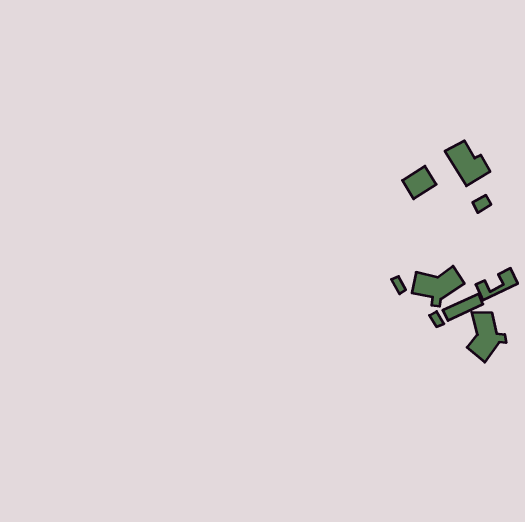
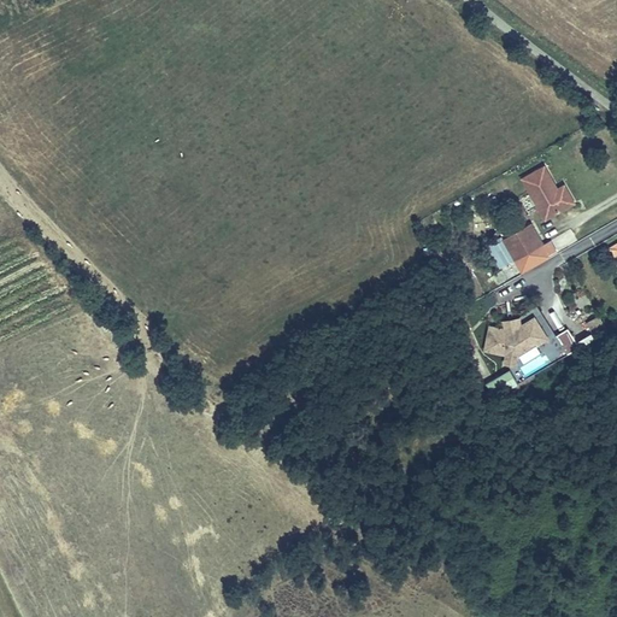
building: [402,166,436,199] -> [504,224,543,263]
building: [467,312,506,362] -> none

